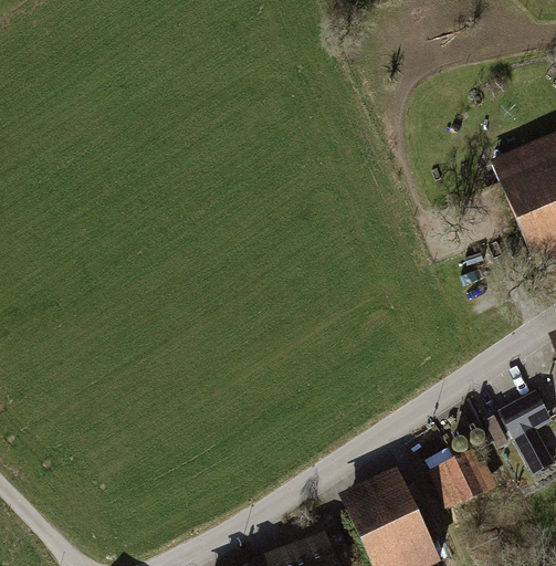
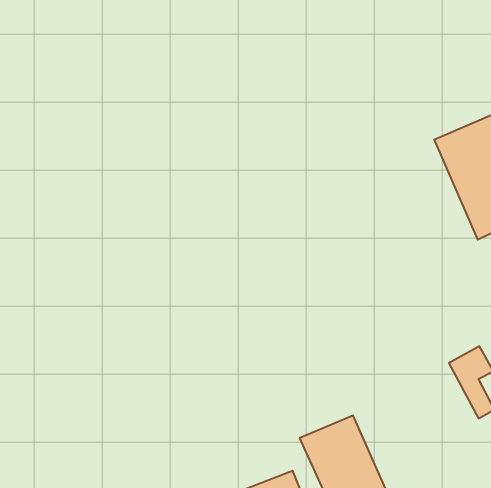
building: [429,449,497,511] -> none

